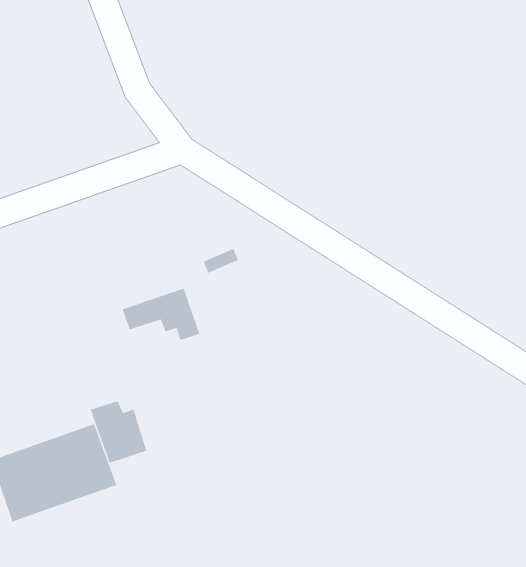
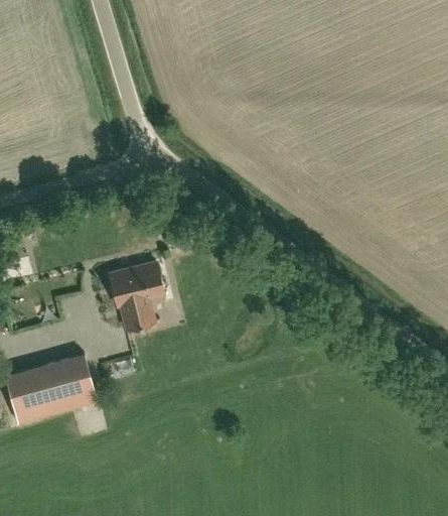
building: [90,400,147,463] -> [115,283,154,329]

